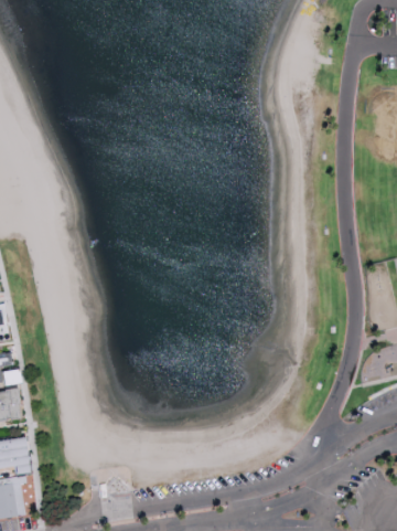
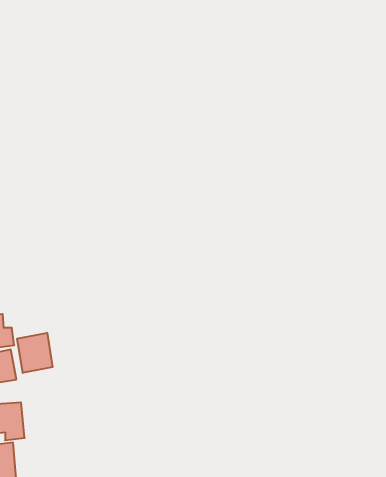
building: none -> [17,333,53,373]

